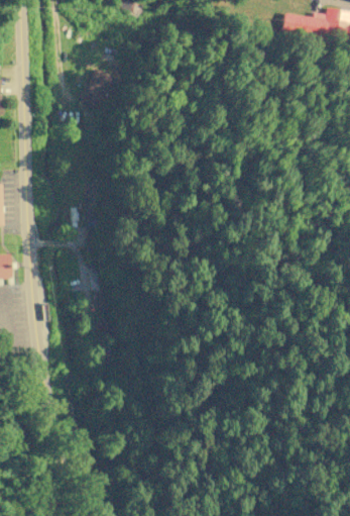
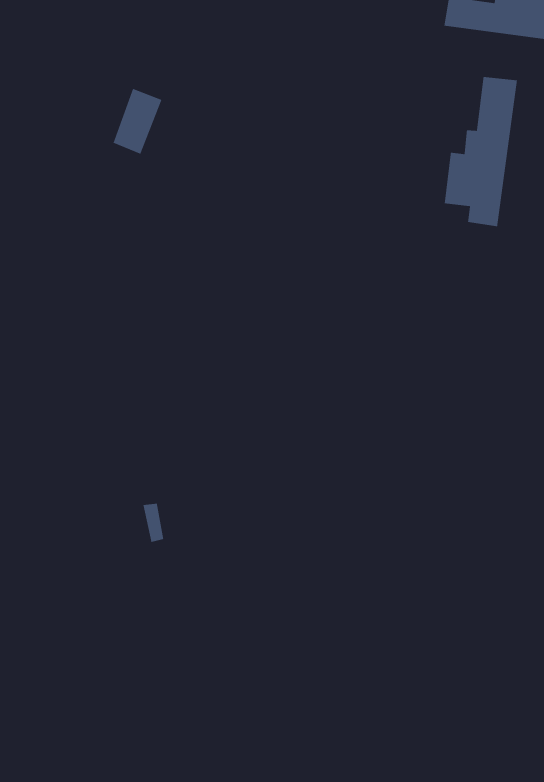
building: none -> [444,76,518,227]

